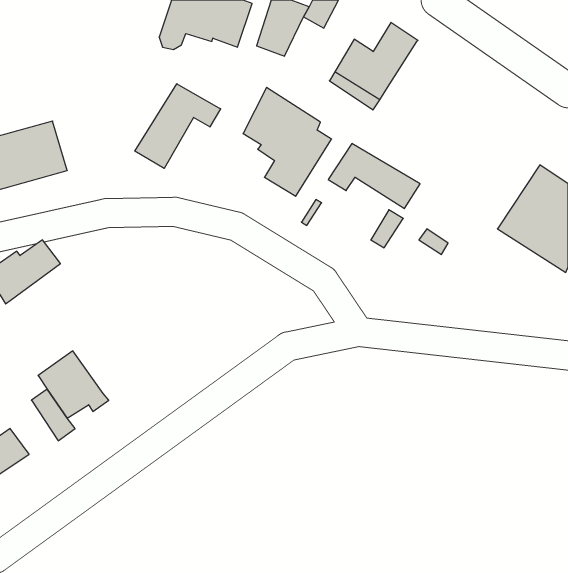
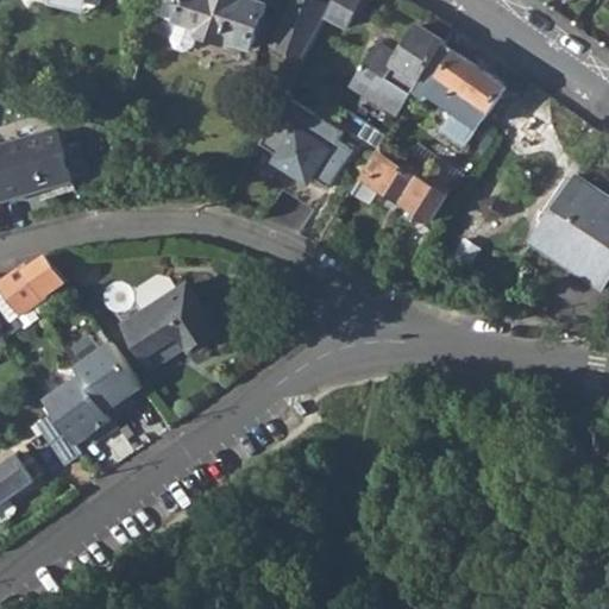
building: none -> [412,44,503,128]
building: [135,84,221,168] -> none
building: none -> [120,285,212,369]
building: none -> [73,340,139,417]

